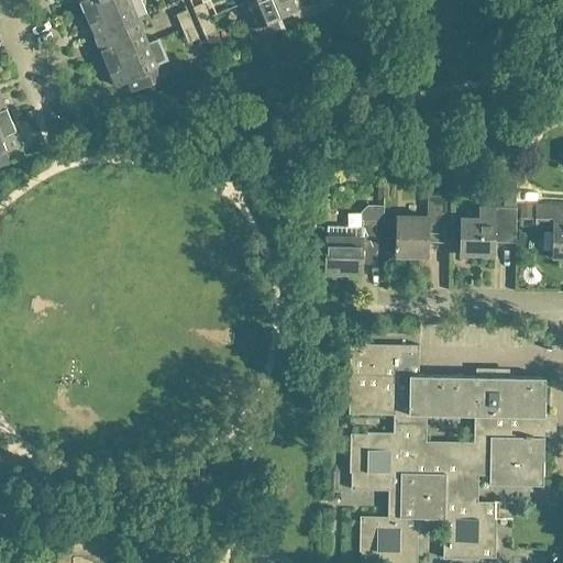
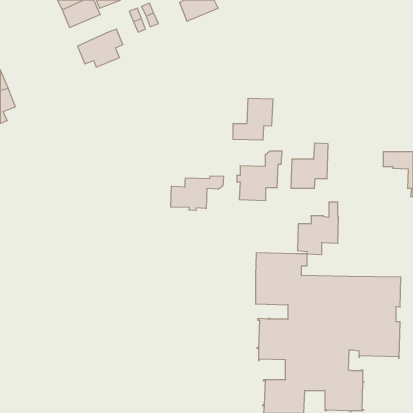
building: [95,20,147,63] -> none
building: none -> [233,98,273,140]
building: [461,187,517,258] -> [297,202,339,255]
building: none -> [171,176,224,211]

